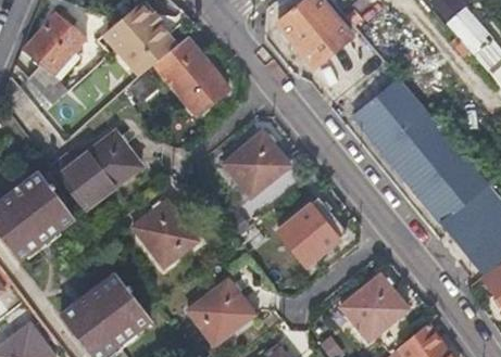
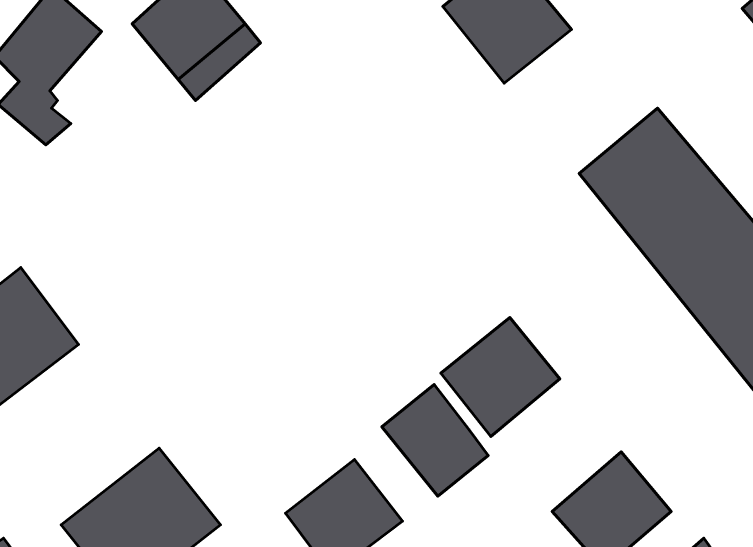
building: [154,38,228,114] -> none
building: [51,132,141,211] -> none
building: [223,132,290,197] -> none
building: [134,201,198,266] -> none
building: none -> [382,385,488,496]

